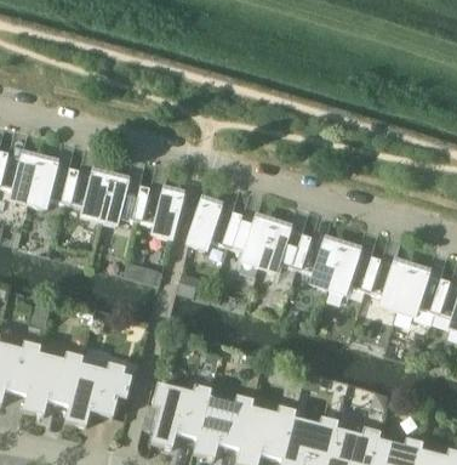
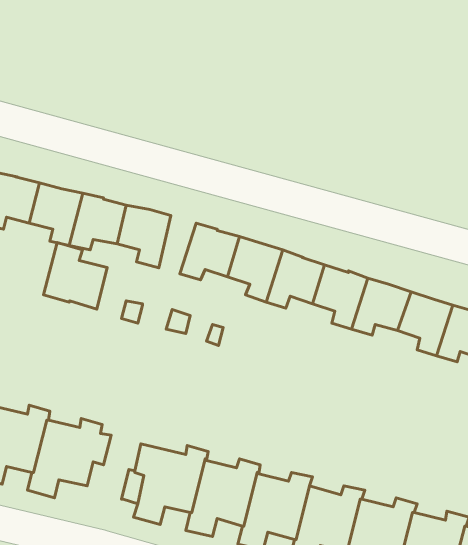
building: none -> [44,243,107,309]

